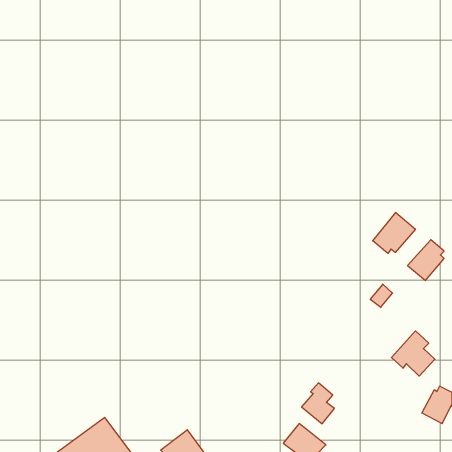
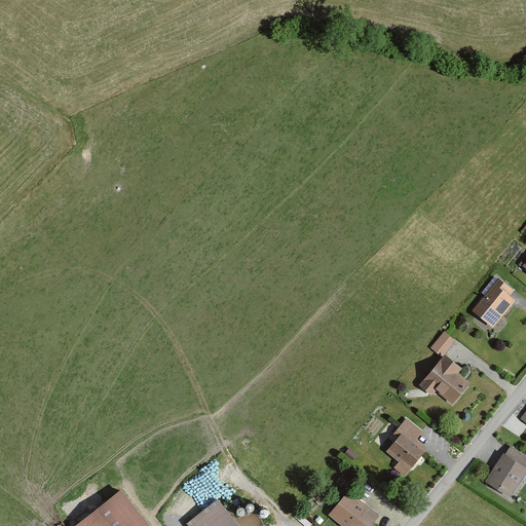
building: [373,212,415,253] -> none
building: [391,331,435,376] -> [418,354,468,407]
building: [302,383,334,424] -> [385,422,423,469]

